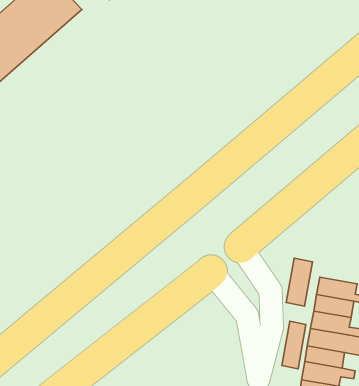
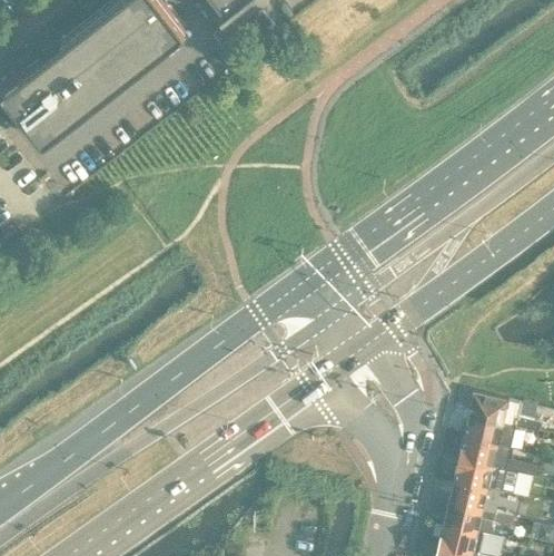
building: [286,258,313,306] -> none
building: [282,321,306,369] -> none

